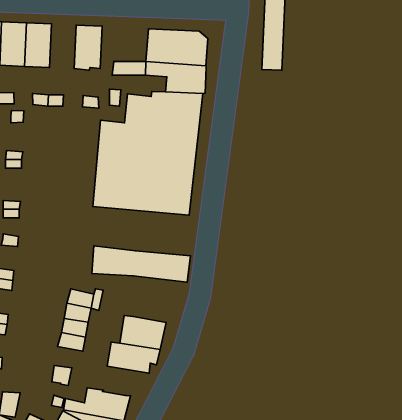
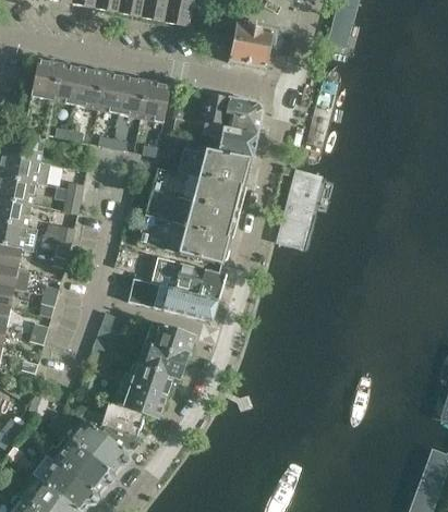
building: none -> [118,75,147,118]
building: none -> [276,169,320,246]
building: none -> [152,256,225,298]
building: none -> [148,320,193,354]
building: none -> [121,385,165,418]

